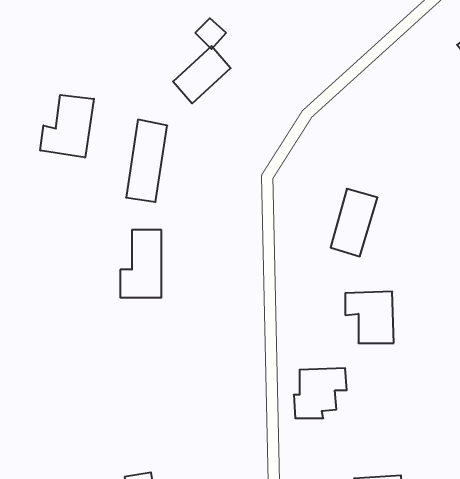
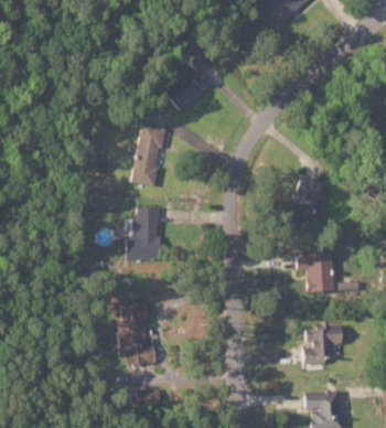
building: [40,95,94,158] -> none
building: none -> [120,303,146,364]
building: [294,368,347,418] -> [302,327,342,364]

